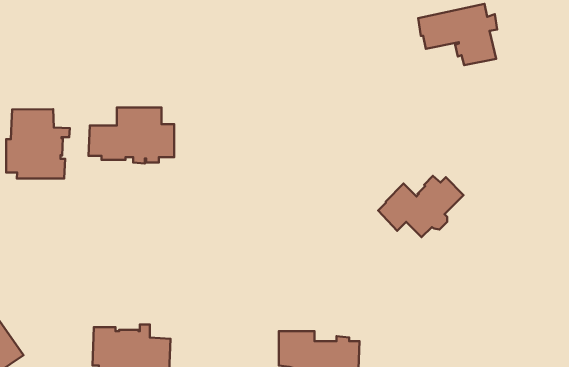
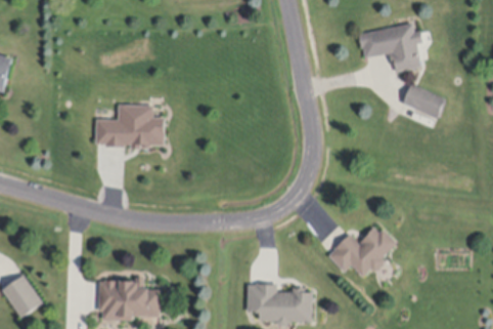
building: none -> [403,84,445,118]
building: [6,109,70,178] -> none
building: [378,176,464,237] -> [328,228,397,277]

